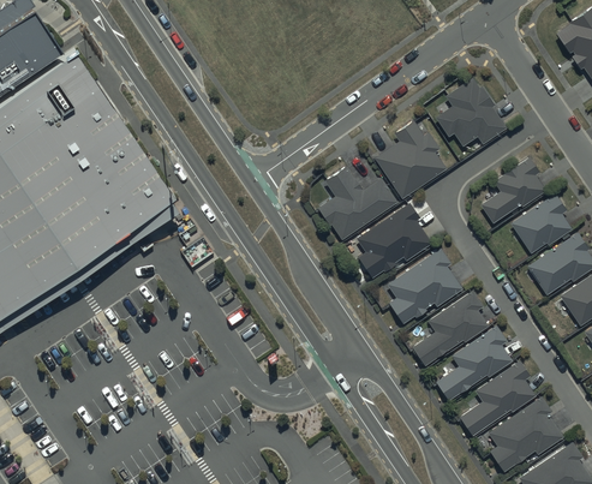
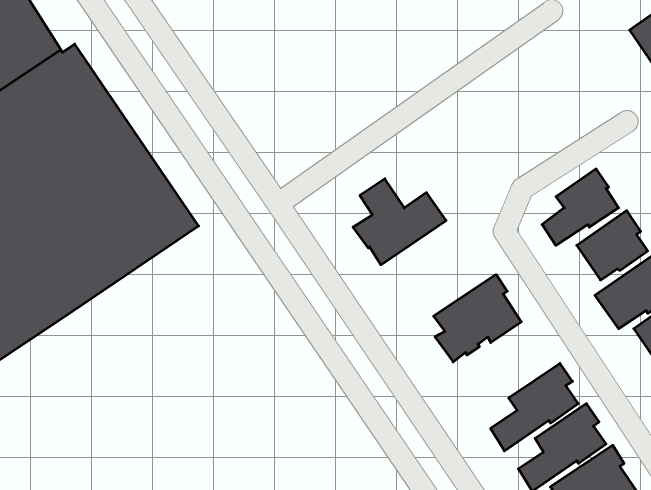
building: [435,78,506,147] -> none
building: [377,129,444,202] -> none
building: [355,203,431,277] -> none
building: [412,291,488,366] -> none

